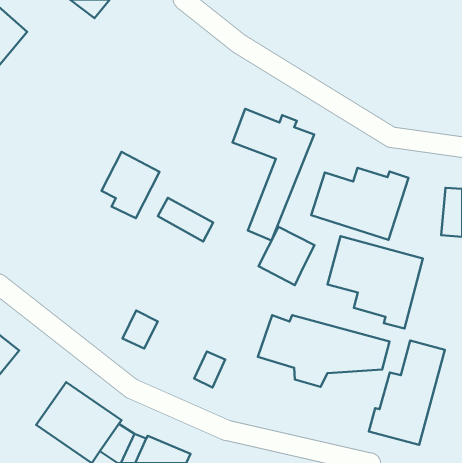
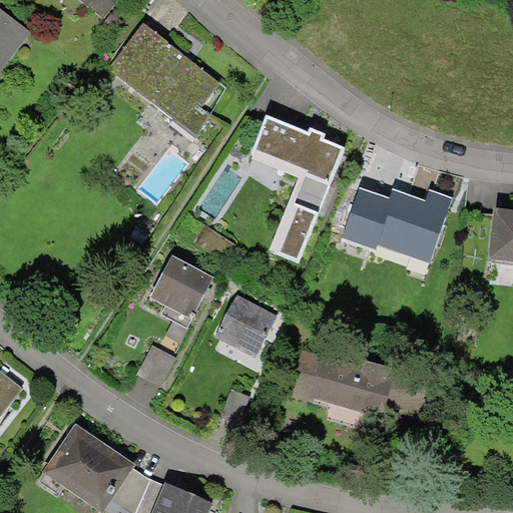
building: none -> [112,27,223,139]
building: [101,152,159,218] -> [147,253,211,327]
building: [258,227,315,285] -> [213,293,276,357]
building: [328,236,423,328] -> none
building: [369,341,445,445] -> none

